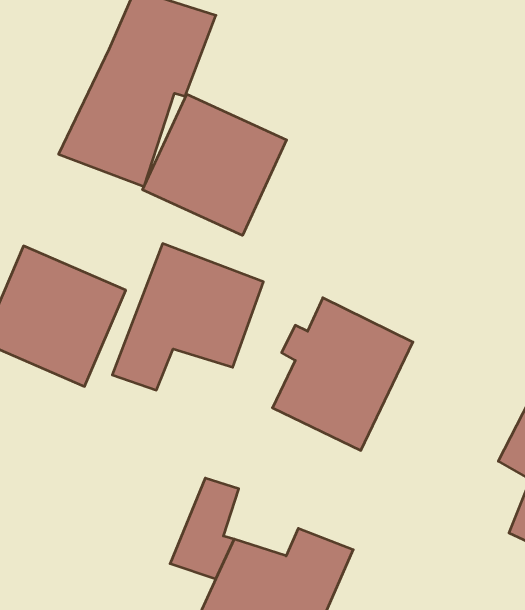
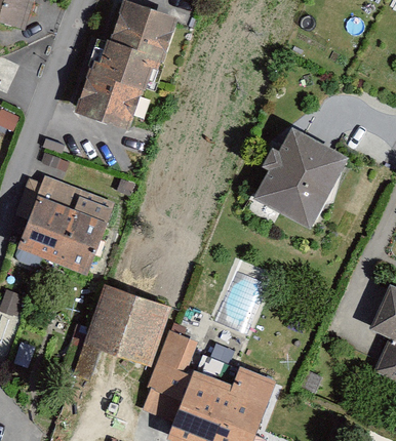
building: [143,94,287,235] -> none
building: [112,244,263,390] -> [69,280,170,378]
building: [272,298,413,450] -> [251,125,346,228]

